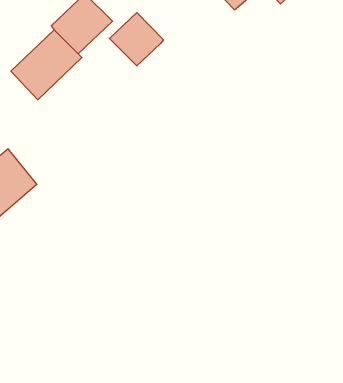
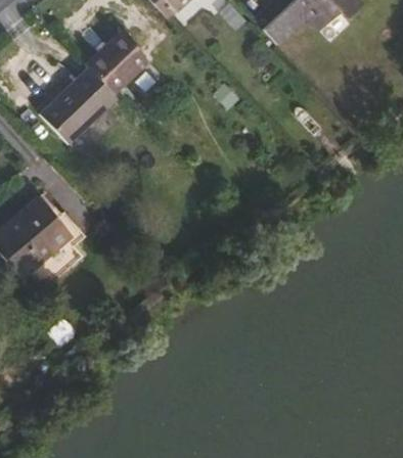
building: [109,13,163,66] -> none

